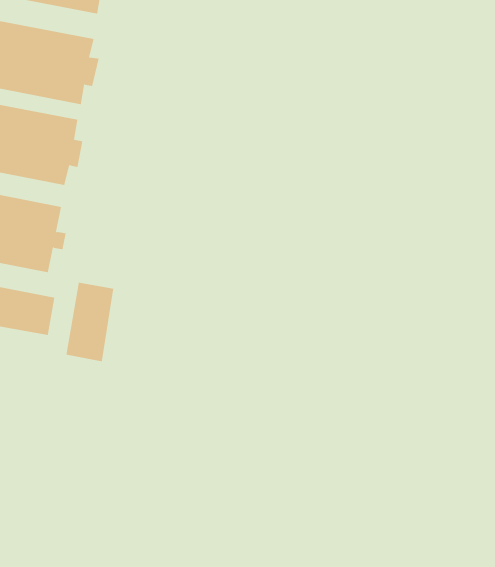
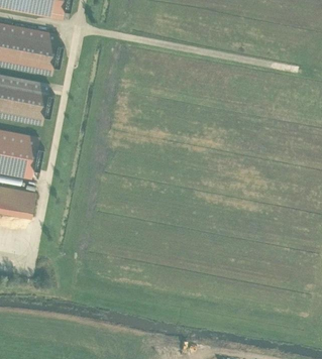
building: [66,282,114,362] -> none

